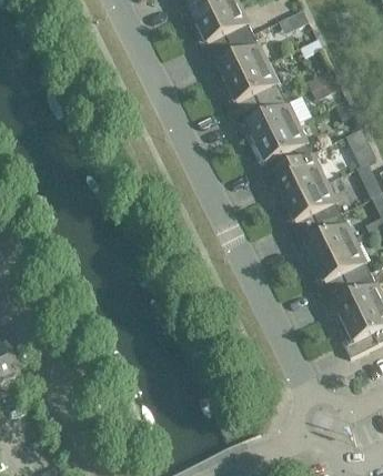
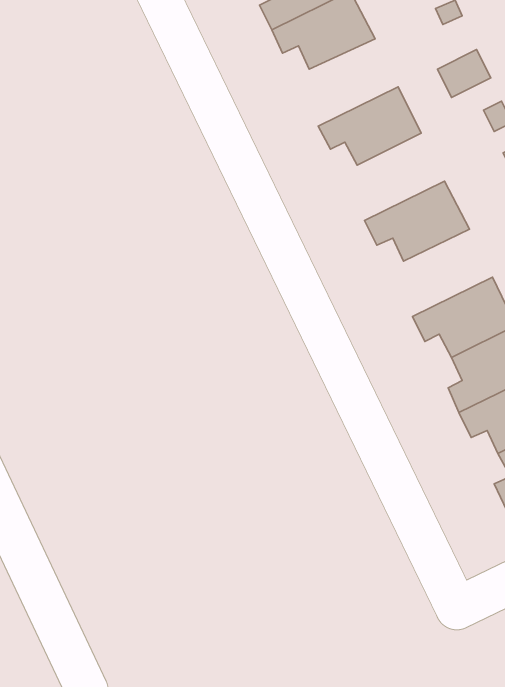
building: [225,62,283,117] -> none
building: [255,121,312,175] -> none
building: [284,181,342,235] -> none

